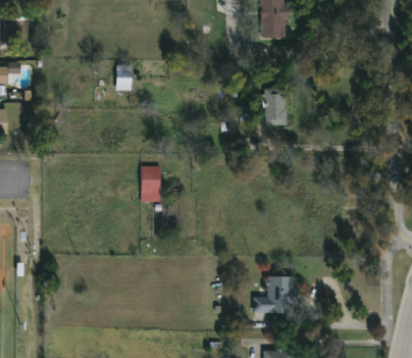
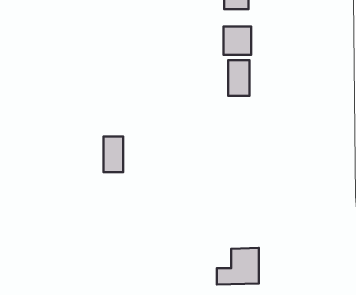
building: none -> [223,27,251,55]
building: [115,65,131,91] -> none

